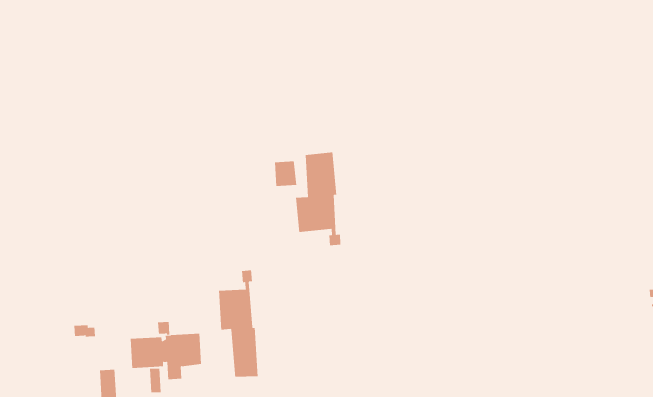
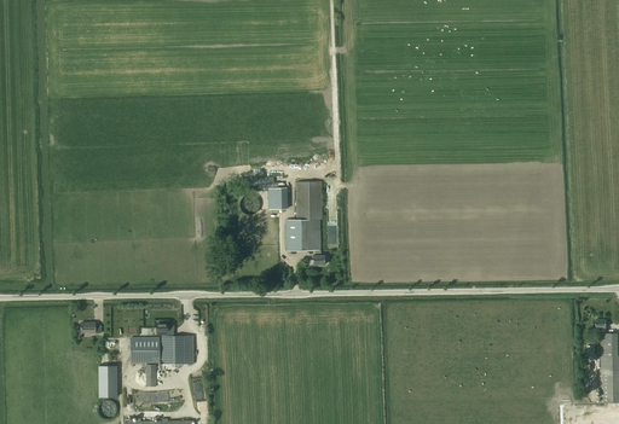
building: [219,270,258,378] -> none

